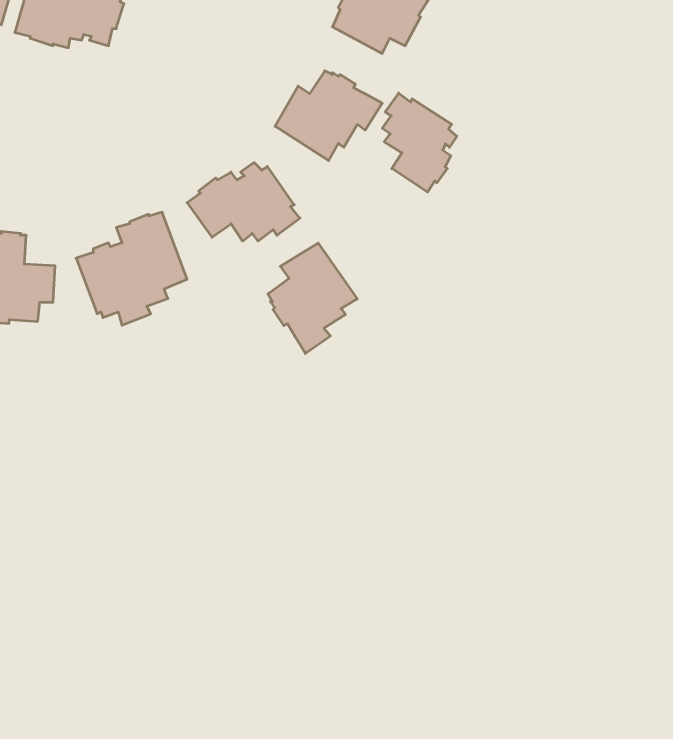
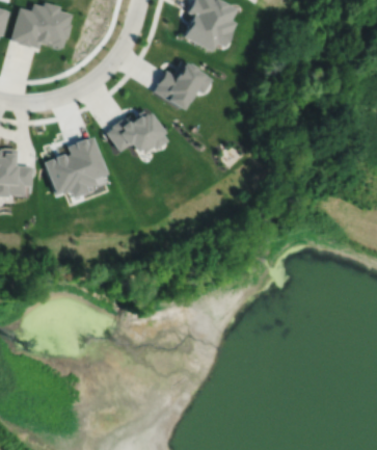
building: [382,93,457,192] -> none
building: [268,243,357,354] -> none

